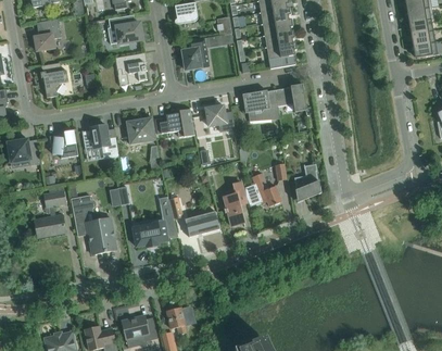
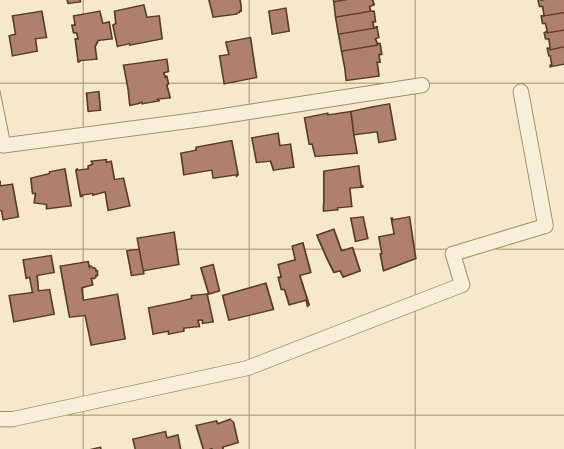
building: [40,62,68,98] -> [72,11,112,62]
building: [126,116,155,143] -> [137,232,179,271]
building: none -> [324,166,363,211]

